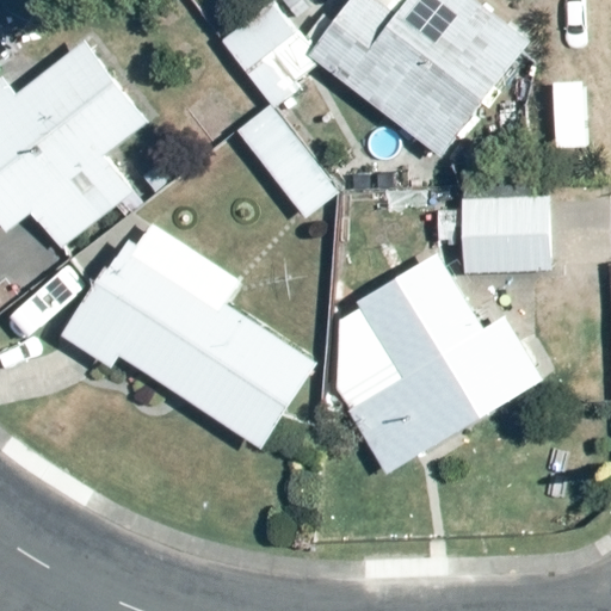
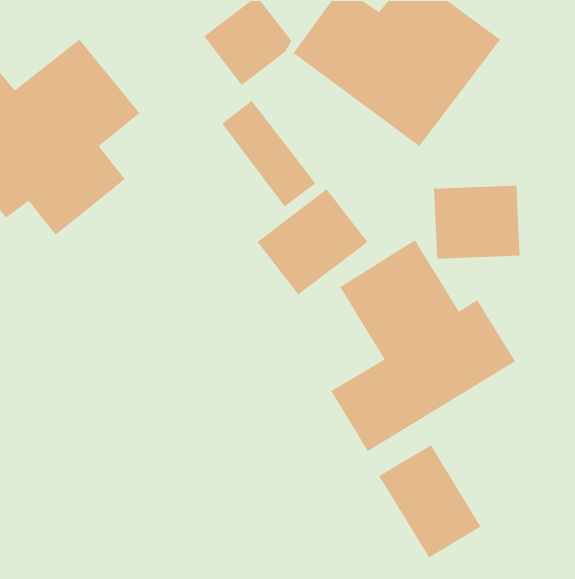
building: none -> [257,188,368,296]
building: [62,212,322,451] -> none
building: none -> [378,444,482,558]

